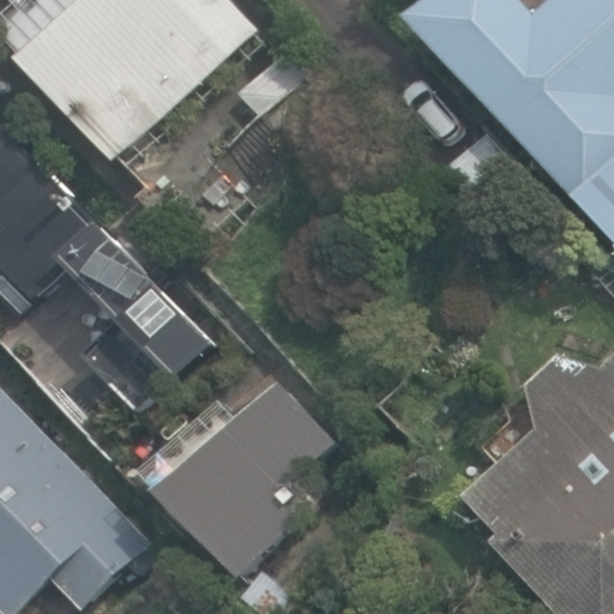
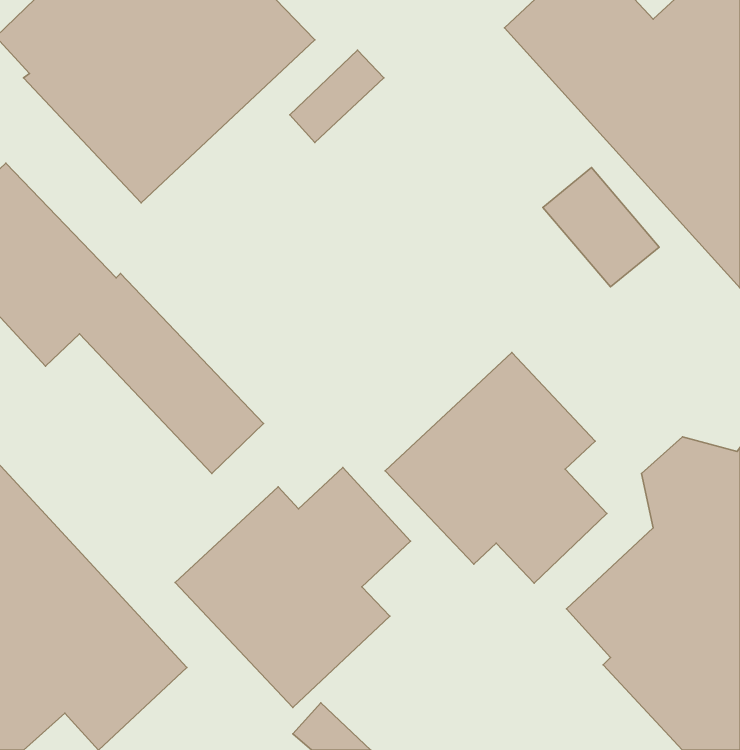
building: none -> [385,352,607,583]

